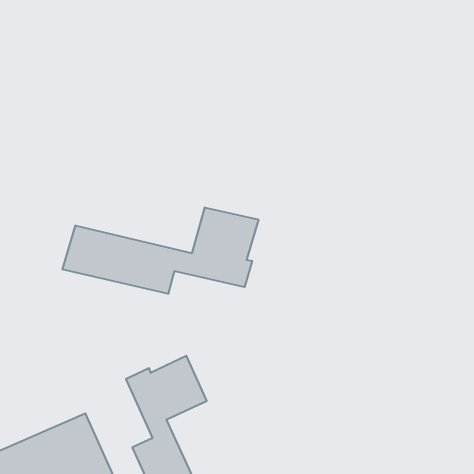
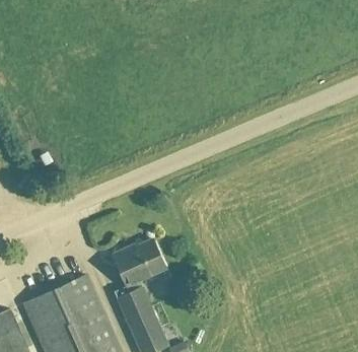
building: [62,207,258,294] -> none

